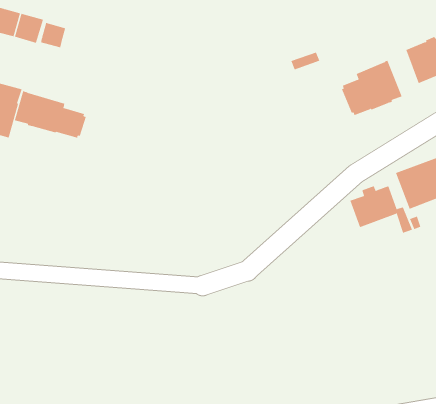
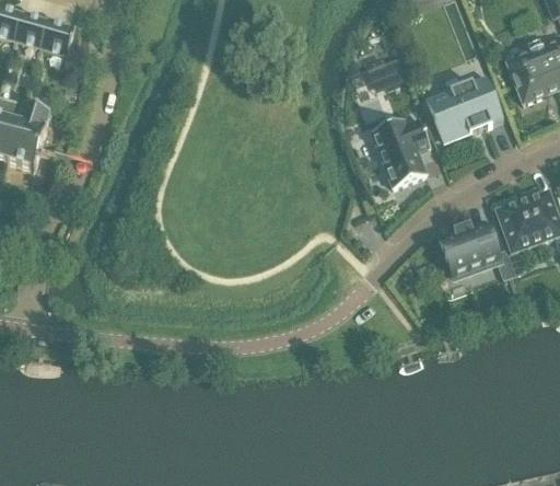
building: [40,22,66,48] -> none
building: none -> [365,99,430,186]
building: [14,90,87,139] -> none

